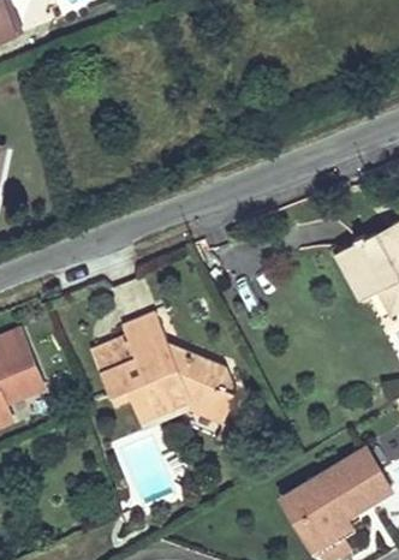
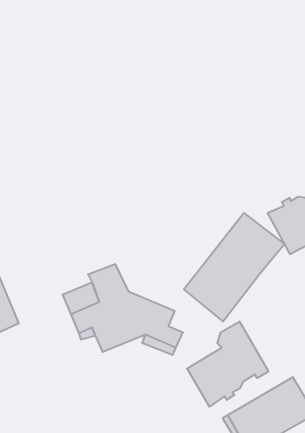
building: none -> [184,213,284,322]
building: none -> [187,321,268,407]

